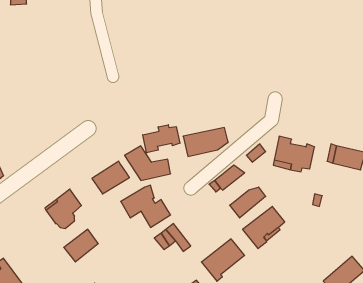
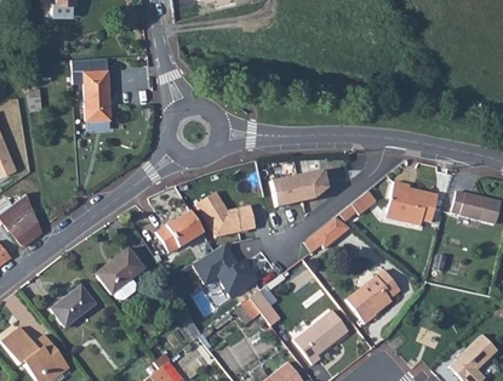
building: none -> [84,67,110,116]
building: [143,125,180,153] -> none
building: [230,187,266,218] -> none
building: [64,229,98,262] -> [50,286,93,328]

